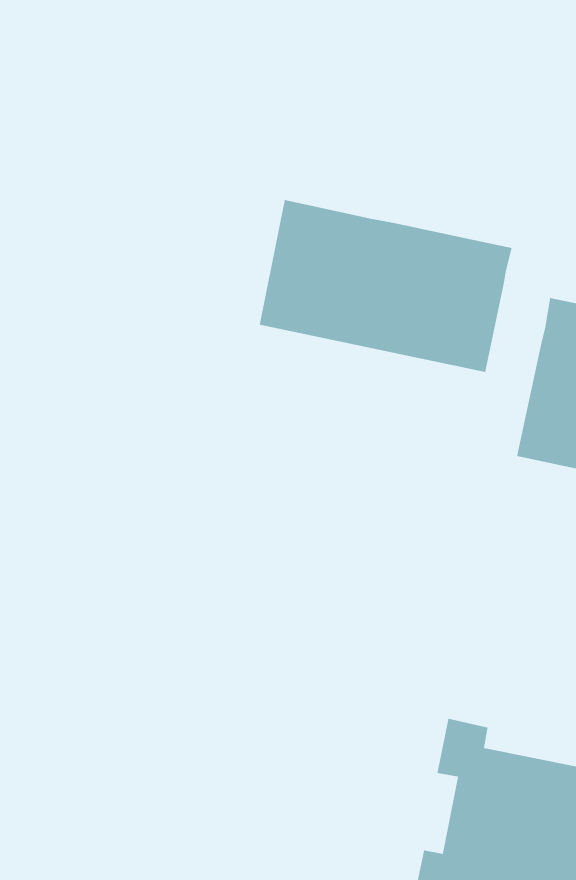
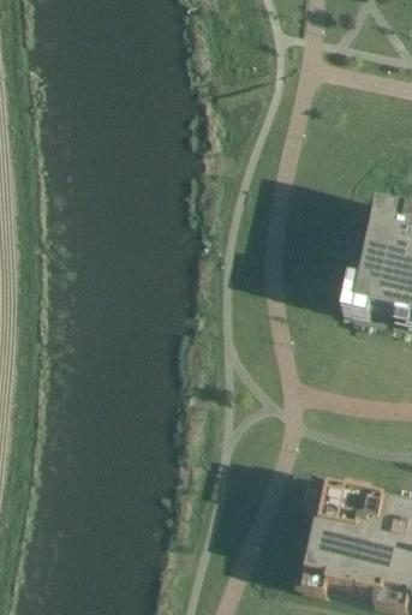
building: [259,199,513,373] -> none

